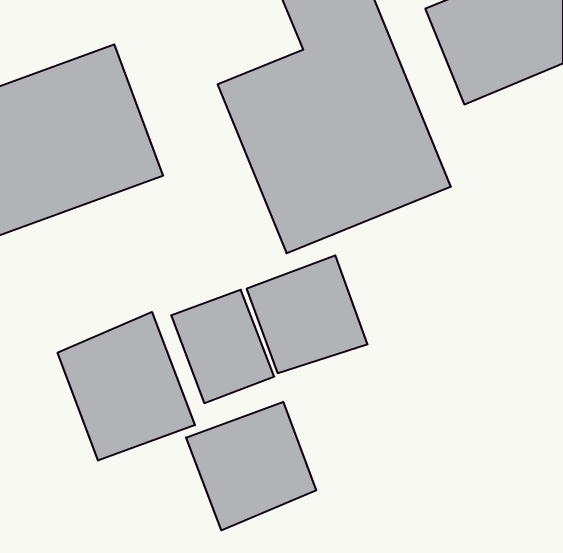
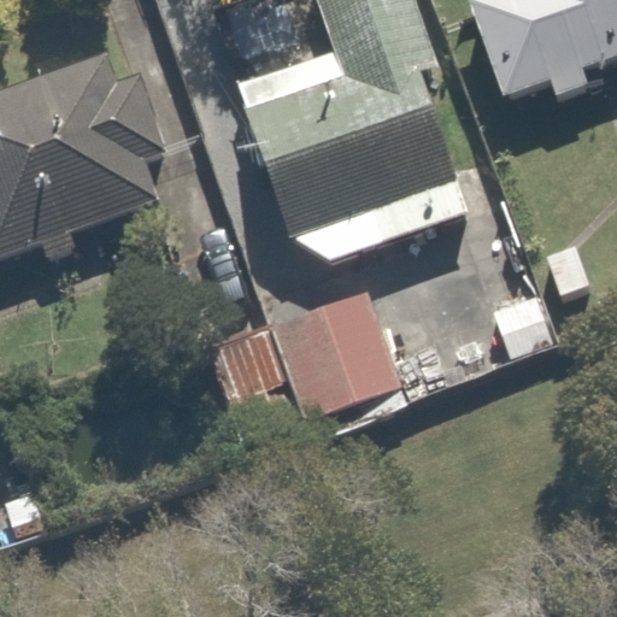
building: [58,312,195,461] -> none
building: [186,402,316,530] -> none

